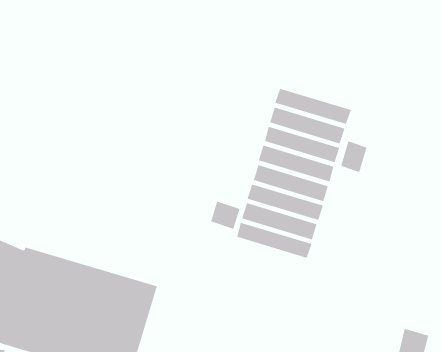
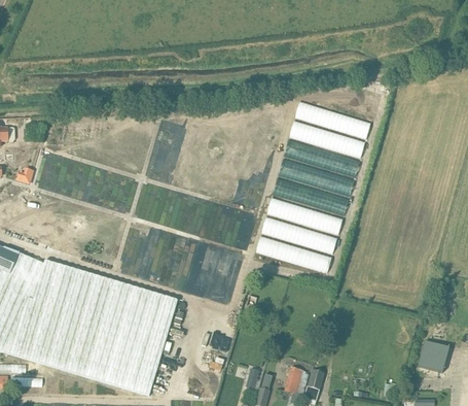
building: [340,140,368,173] -> none
building: [210,200,240,230] -> none

